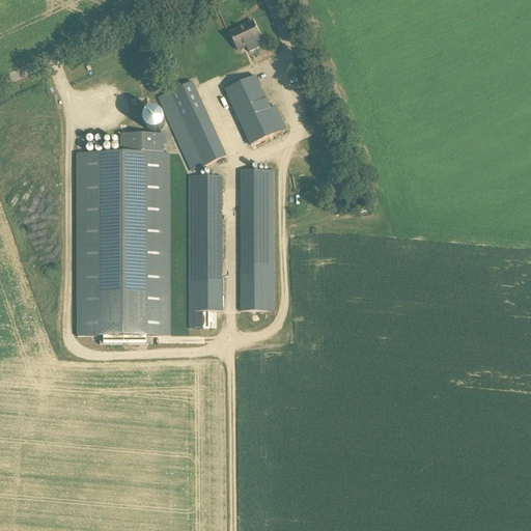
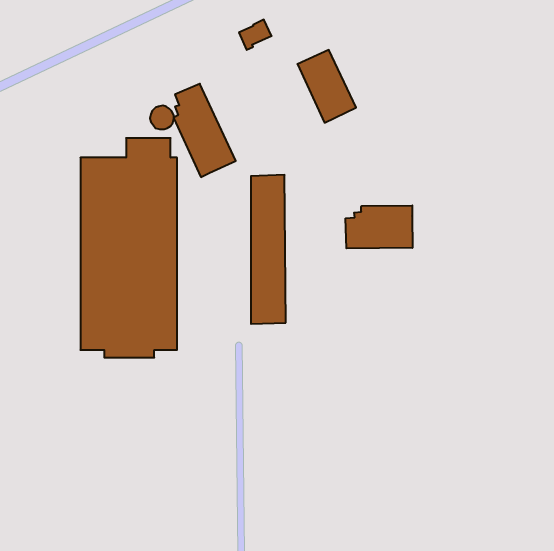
building: [224,74,280,143] -> [297,50,356,123]
building: [189,173,221,326] -> none
building: none -> [346,205,412,248]

